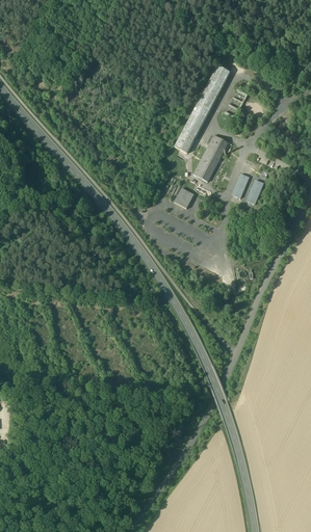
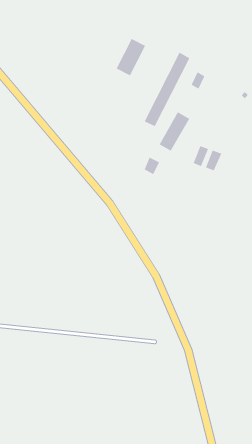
building: none -> [116,38,146,76]

